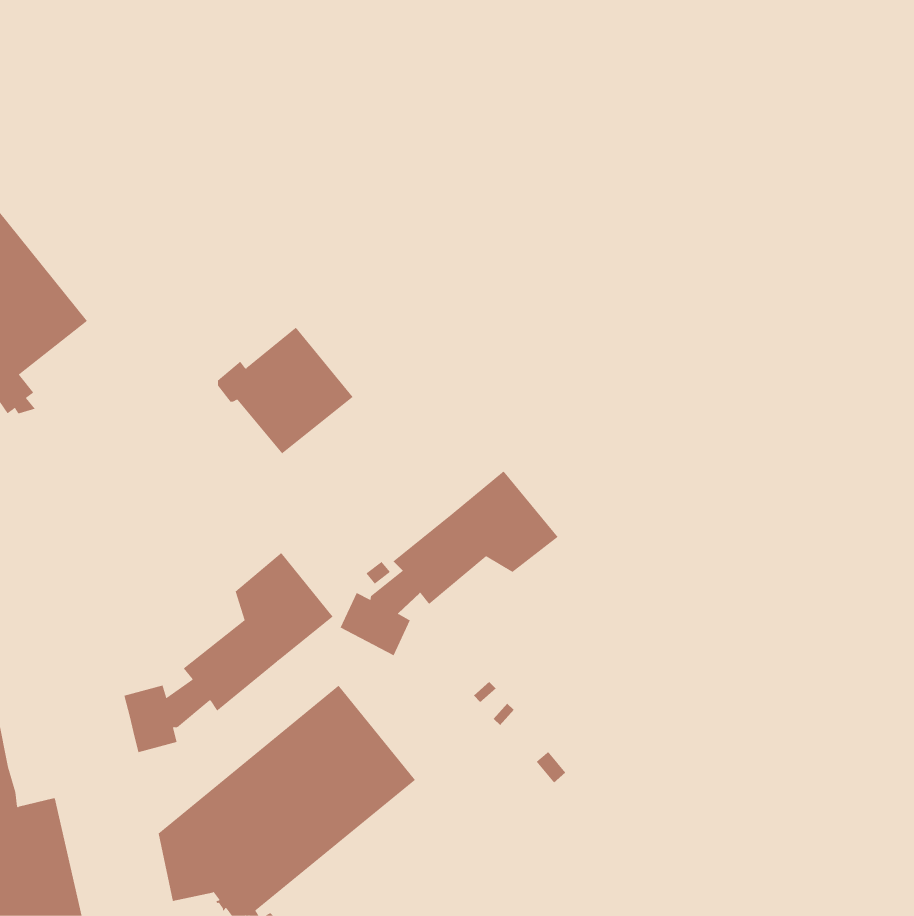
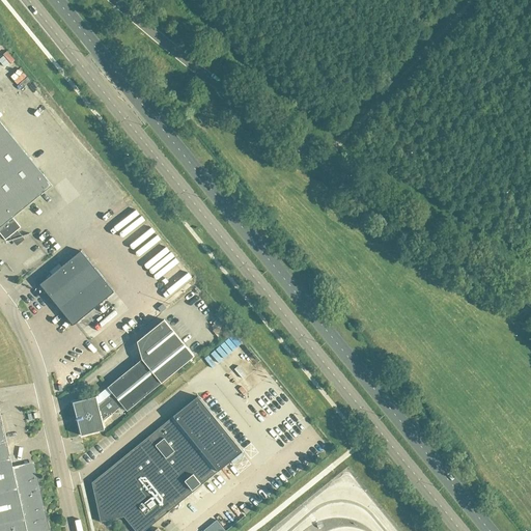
building: [217,327,353,454] -> [34,251,113,325]
building: [340,470,558,656] -> none

